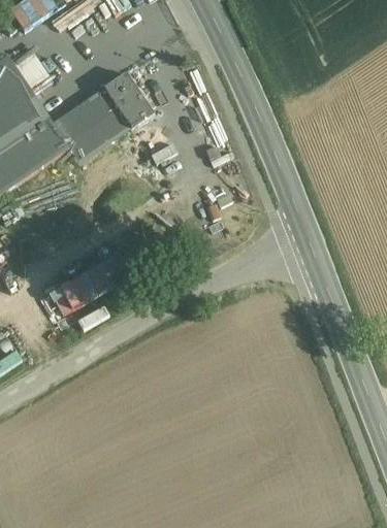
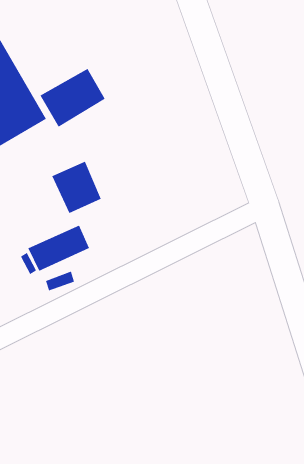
building: [102,73,151,129] -> none
building: none -> [51,161,102,214]

